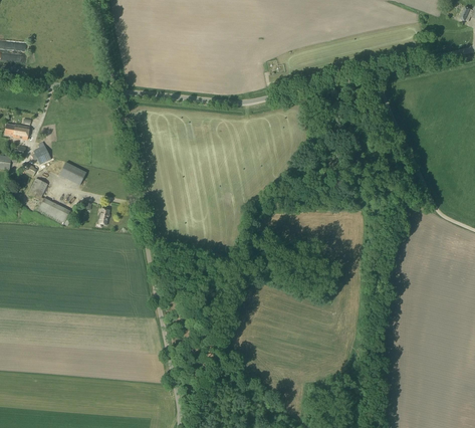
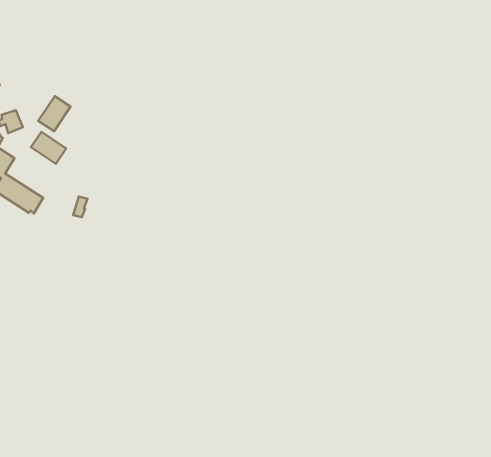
building: none -> [38,96,70,131]

